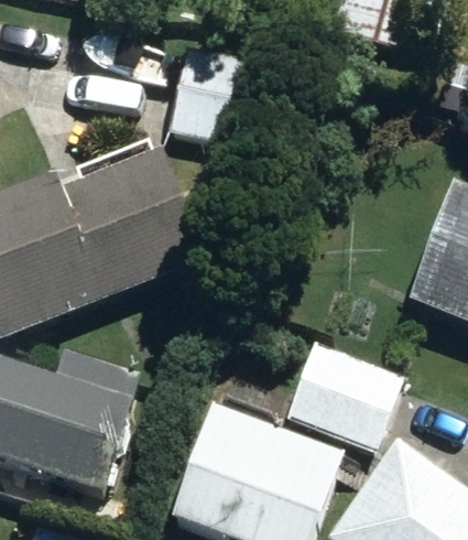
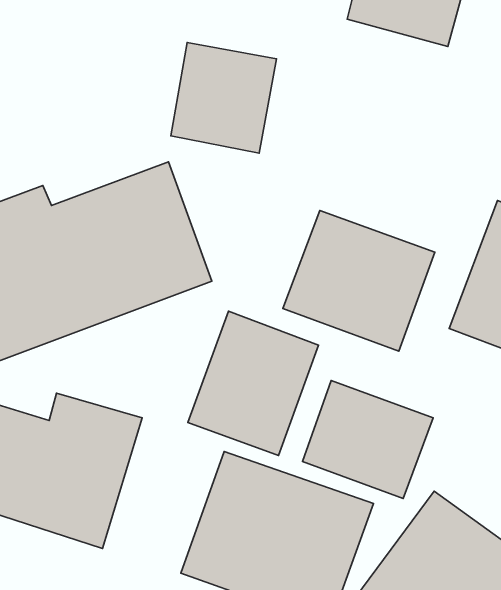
building: none -> [283,210,435,351]
building: none -> [188,311,318,455]

